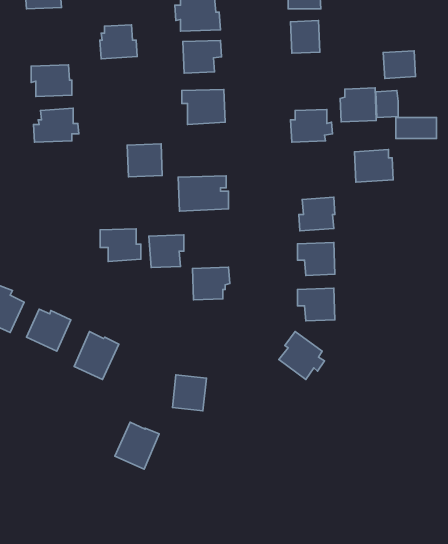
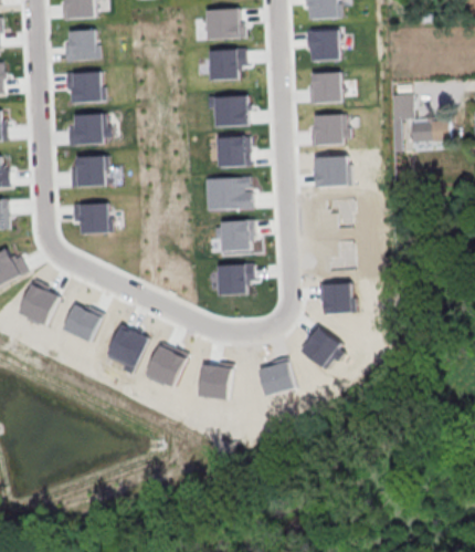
building: [100,25,137,59] -> [64,29,99,61]
building: [383,51,416,79] -> none
building: [340,88,376,122] -> [307,71,341,103]
building: [127,144,162,177] -> [217,135,250,166]
building: [355,150,393,182] -> [315,155,351,186]
building: none -> [70,155,107,186]
building: [100,229,141,262] -> [73,202,112,233]
building: [149,235,184,268] -> [221,219,254,250]
building: none -> [258,355,295,395]
building: [115,422,159,469] -> [146,341,188,385]

